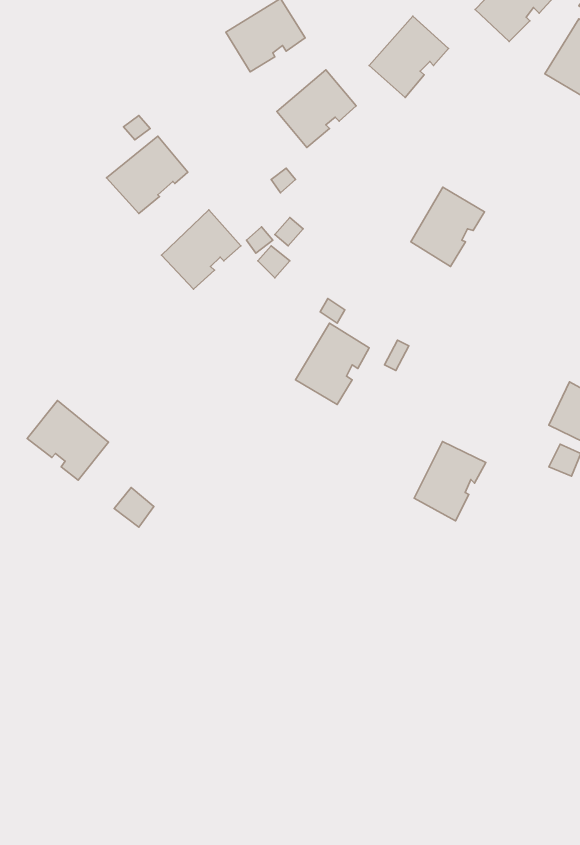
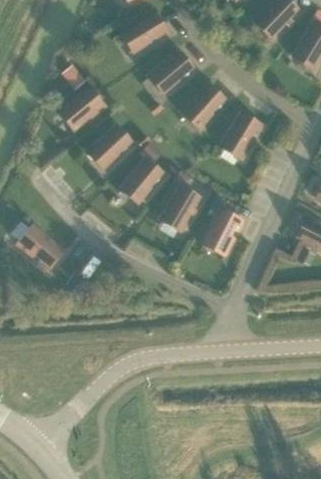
building: [369,16,449,97] -> [184,84,226,128]
building: none -> [122,159,164,202]
building: [414,442,486,521] -> [204,210,242,252]

